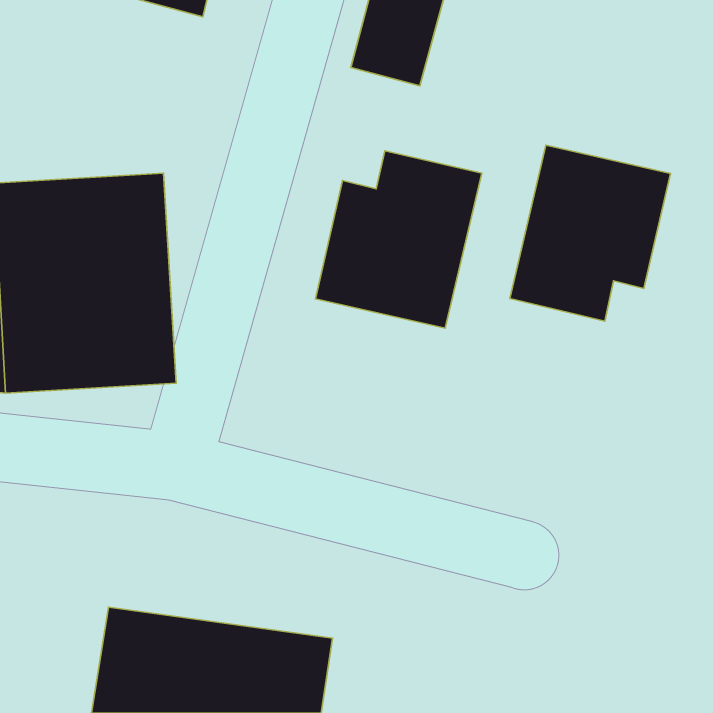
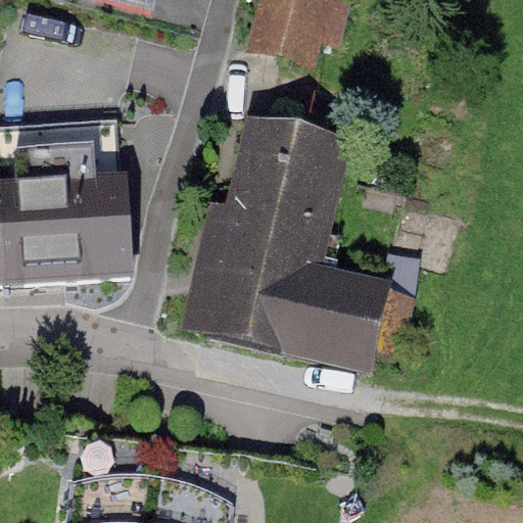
building: [510,145,671,321] -> none
building: none -> [201,217,410,370]

